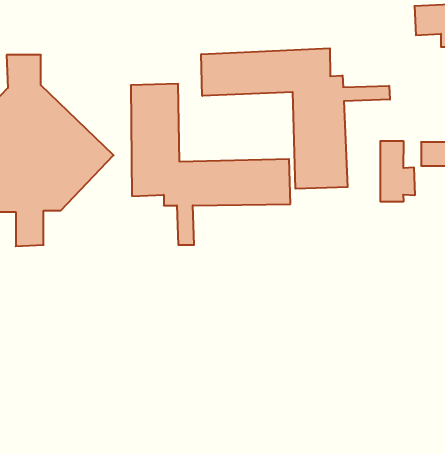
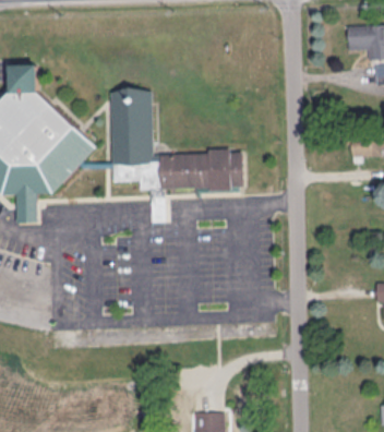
building: [201,48,390,189] -> none
building: [380,141,415,202] -> none

